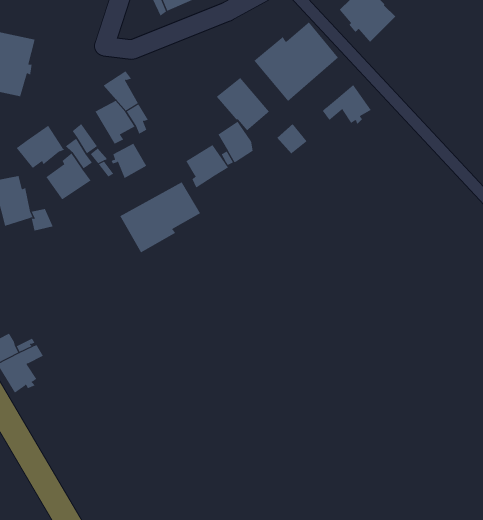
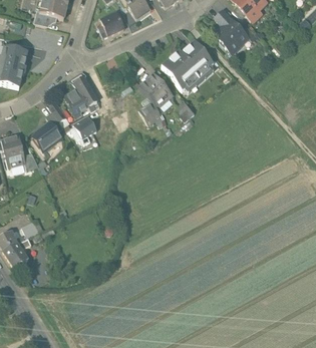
building: [322,84,371,125] -> none
building: [16,125,65,169] -> none
building: [185,144,229,188] -> none
building: [120,182,201,253] -> none

